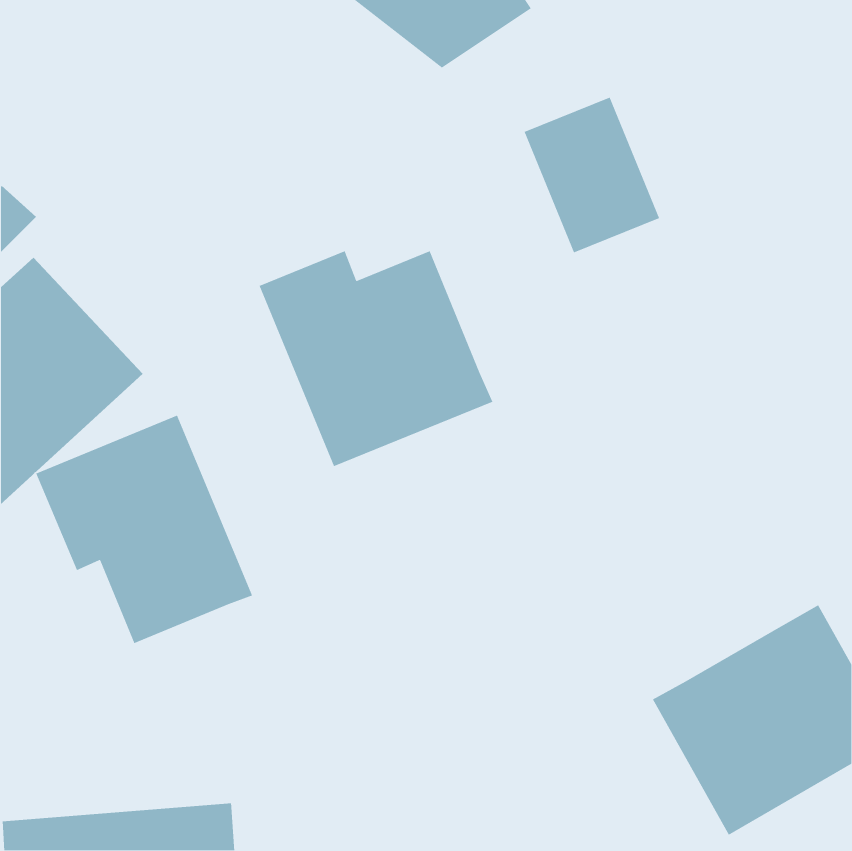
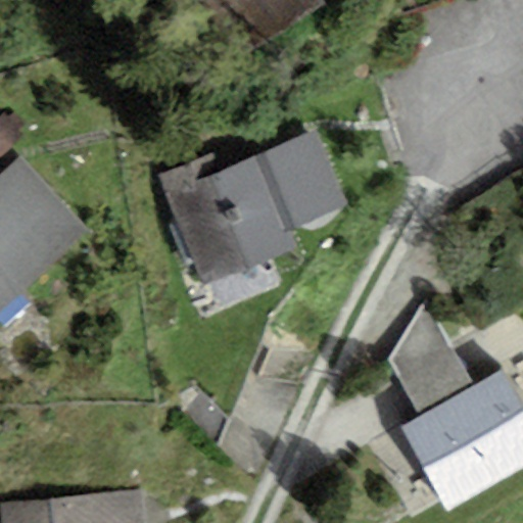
building: [523,97,660,253] -> [264,132,347,228]
building: [35,414,253,644] -> none
building: none -> [388,298,473,417]

